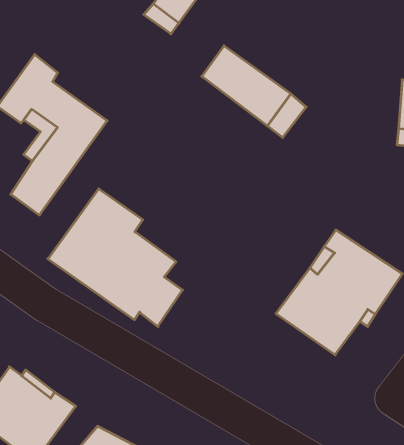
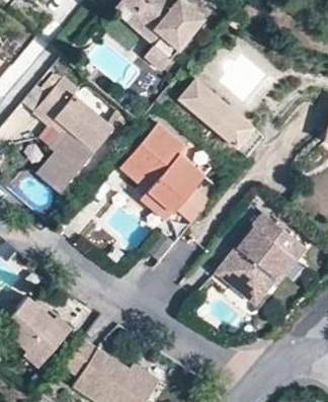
building: [48,189,183,327] -> [118,124,212,224]

